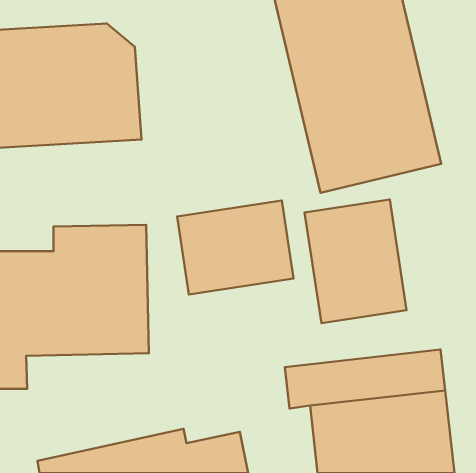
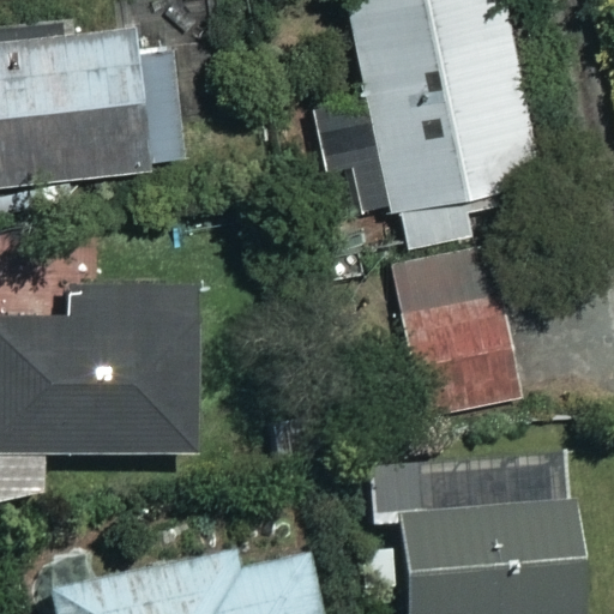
building: [177,200,294,295] -> none

